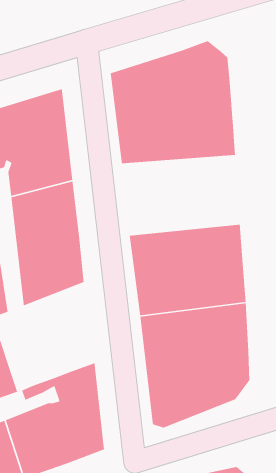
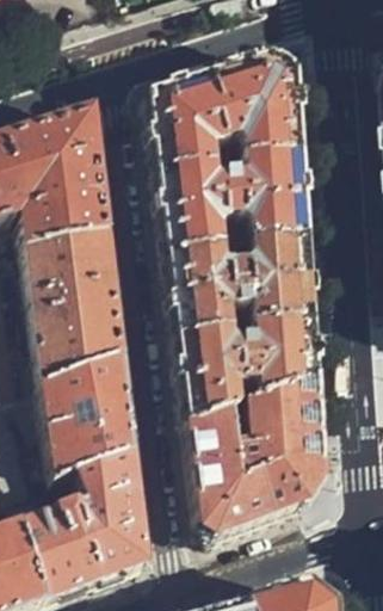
building: none -> [166,193,314,292]
building: none -> [44,351,134,479]

